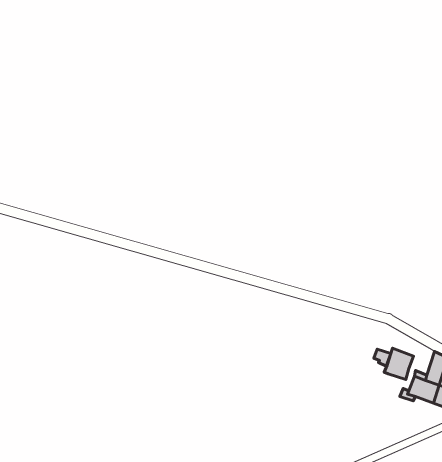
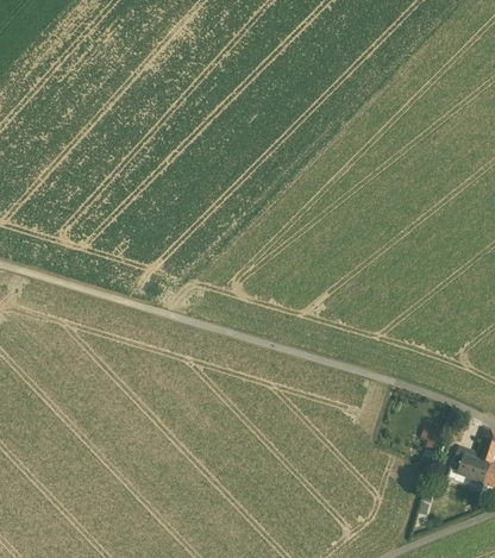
building: [384,348,413,379] -> none

